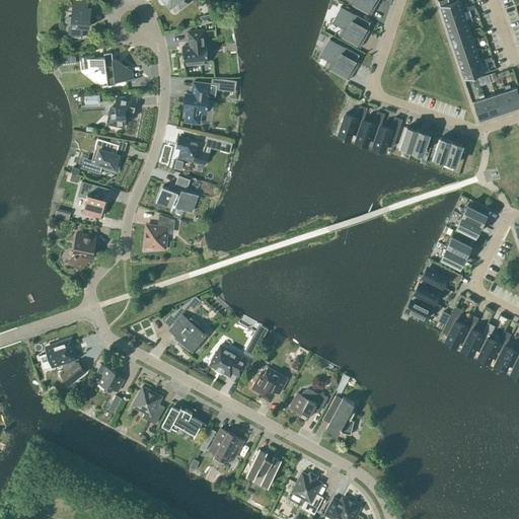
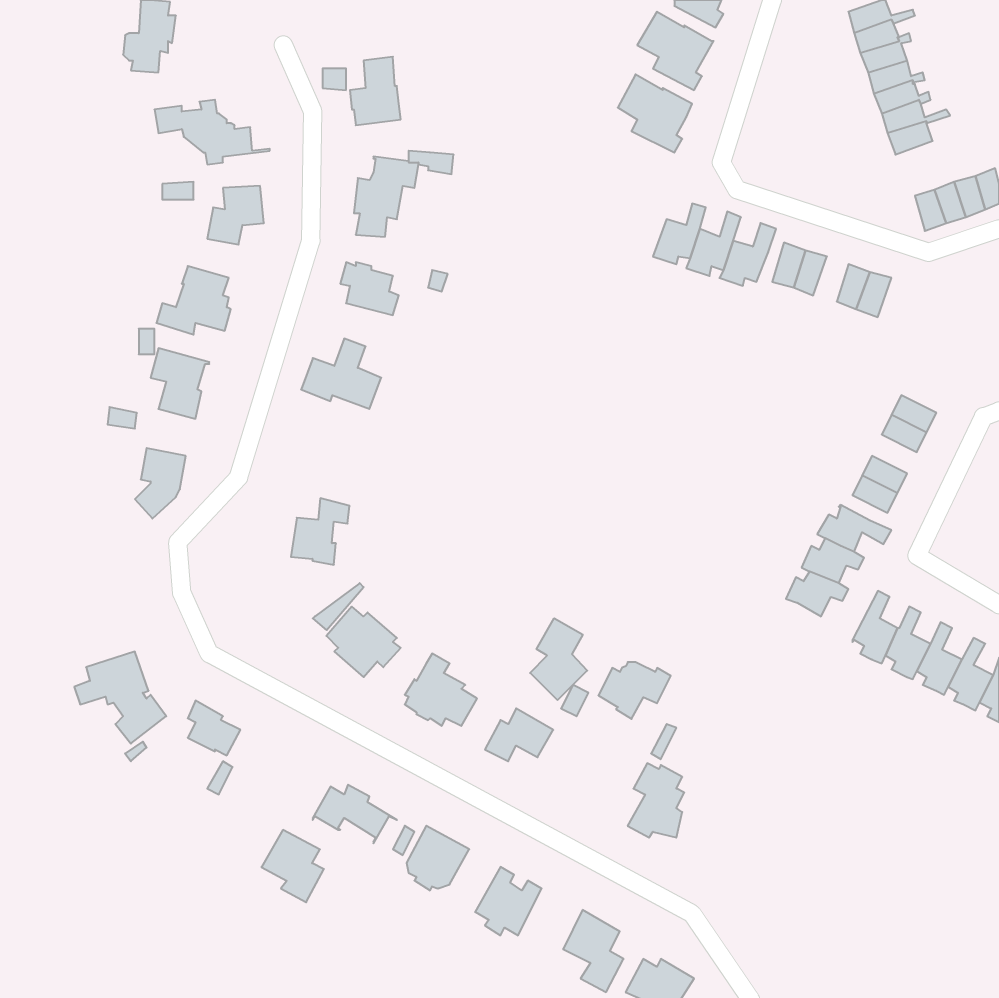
building: [144,216,174,250] -> [291,498,350,565]
building: none -> [530,618,587,700]
building: [132,387,164,425] -> [261,830,324,902]
building: [290,390,327,420] -> [598,662,671,719]

